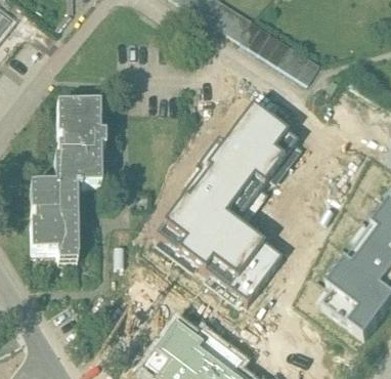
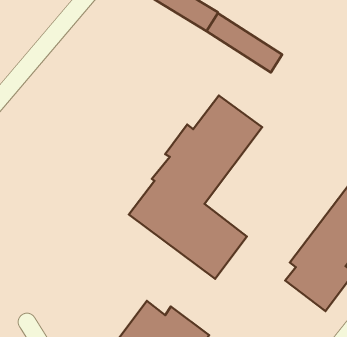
building: [31,101,105,259] -> none

